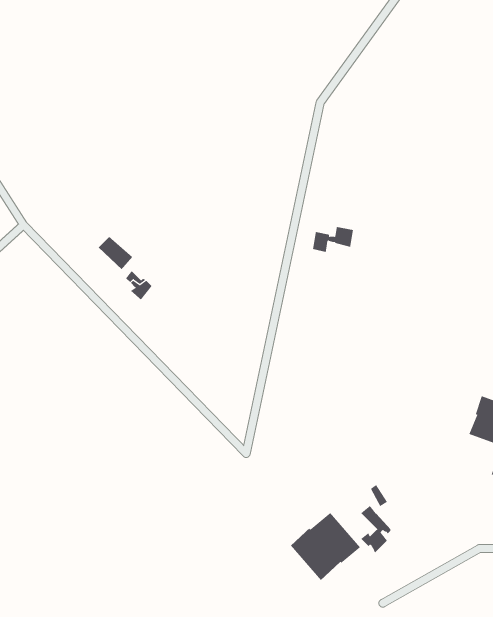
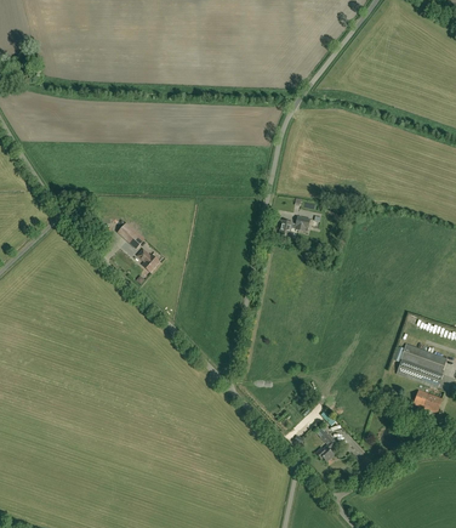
building: [290,512,361,581] -> none

